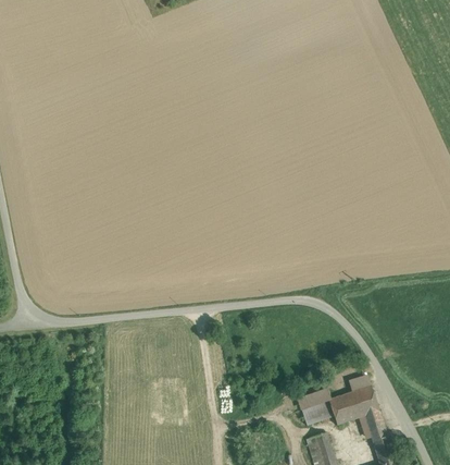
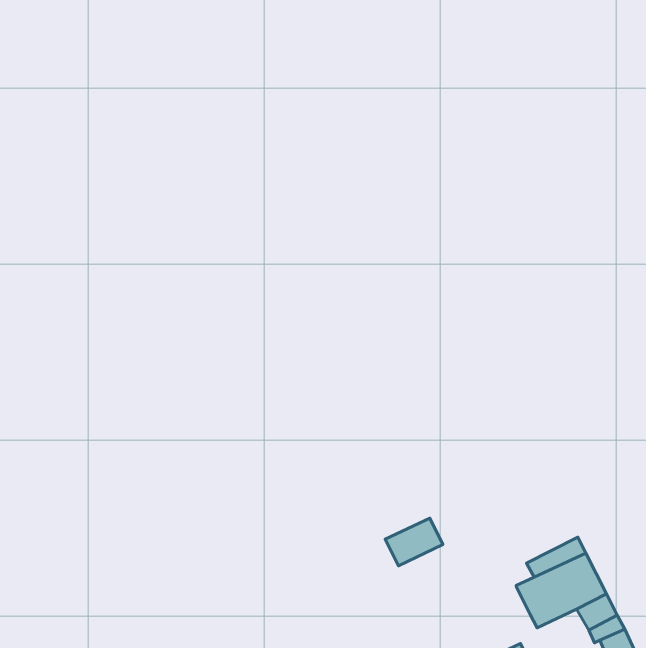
building: [301,400,334,425] -> [385,518,443,566]

